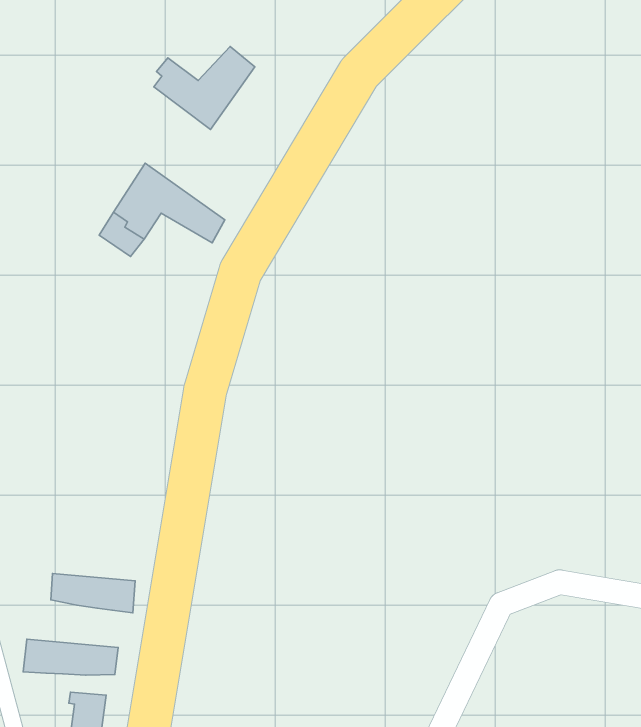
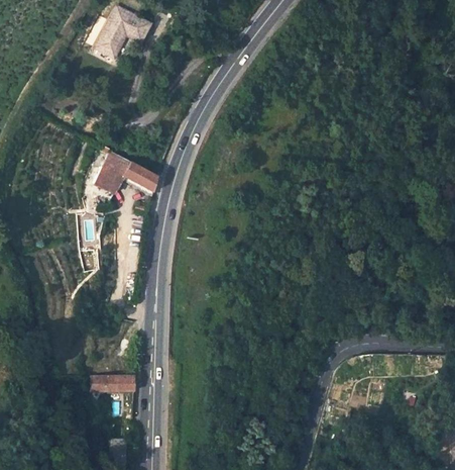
building: [154,47,255,130] -> none
building: [23,639,118,675] -> none

